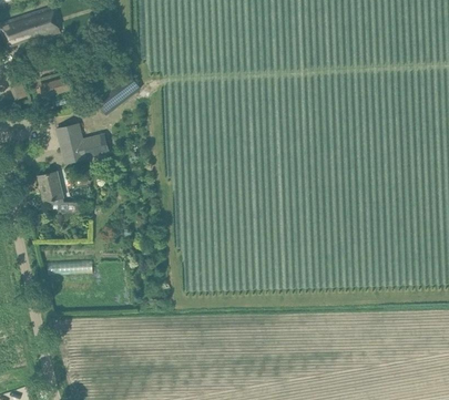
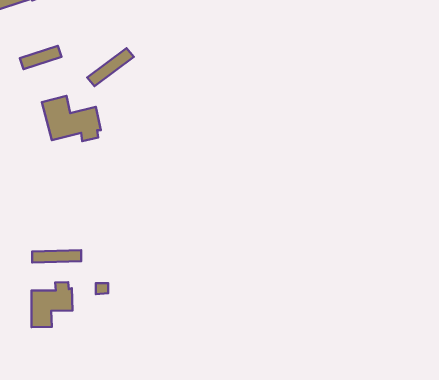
building: [37,171,82,213] -> none
building: none -> [31,282,73,327]

